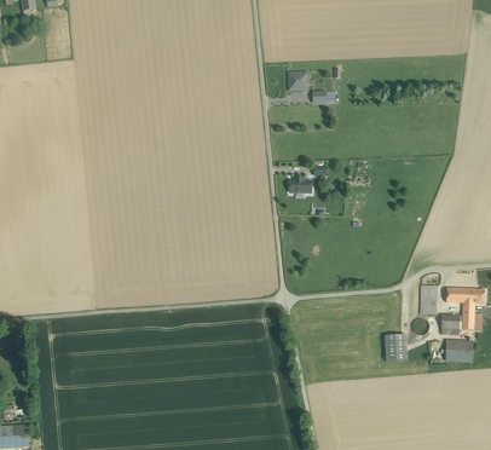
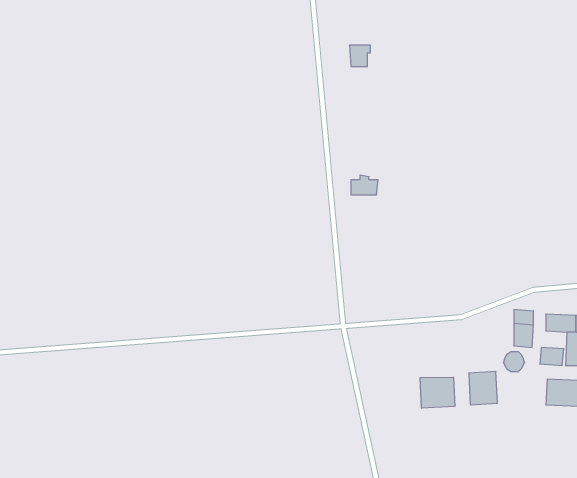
building: none -> [420,377,455,408]

